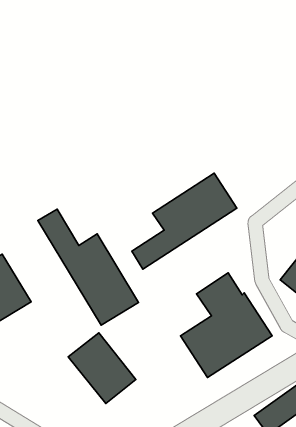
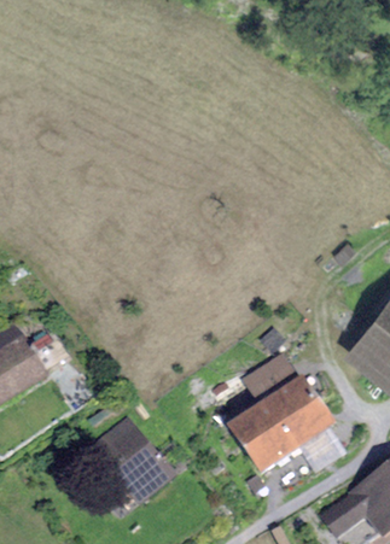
building: [132,173,237,269] -> none
building: [38,209,138,325] -> none

